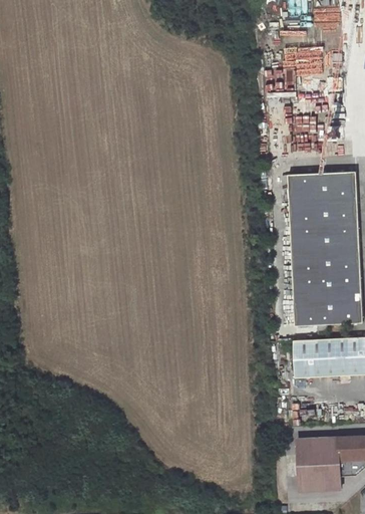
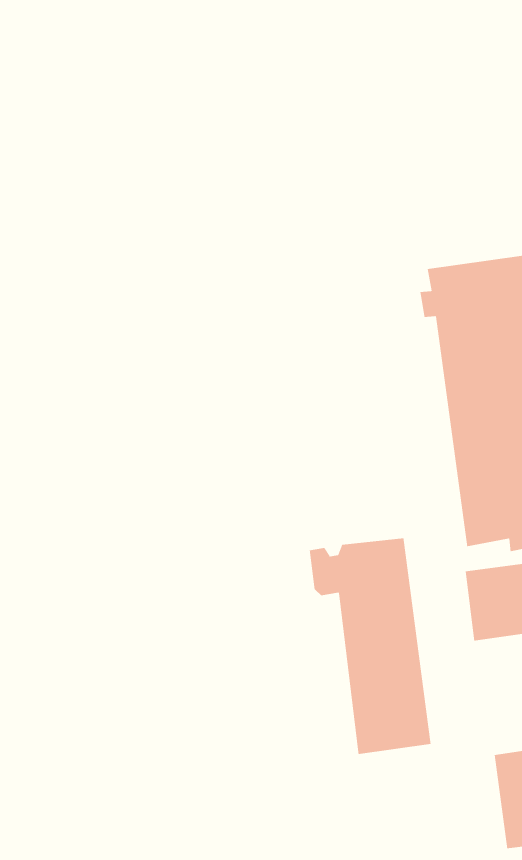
building: none -> [309,538,431,755]

